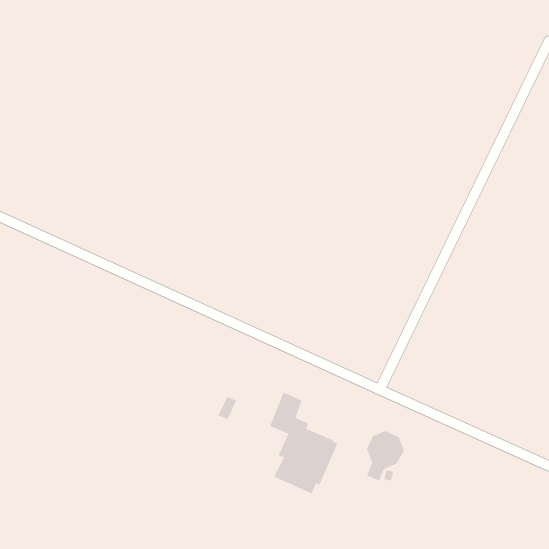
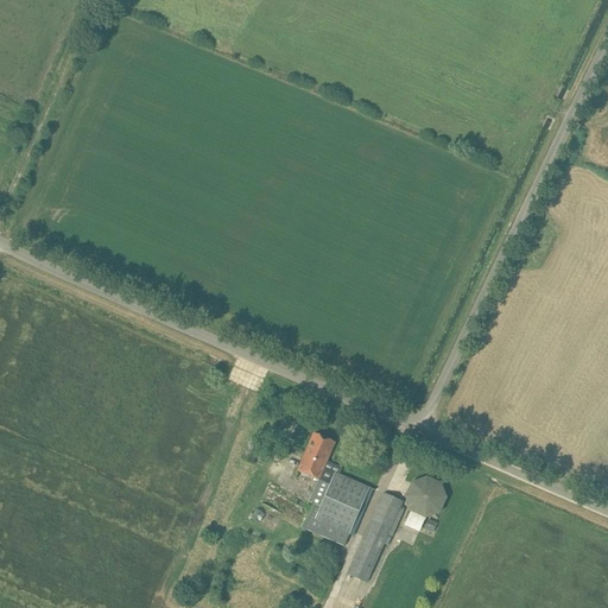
building: none -> [347,492,403,583]

